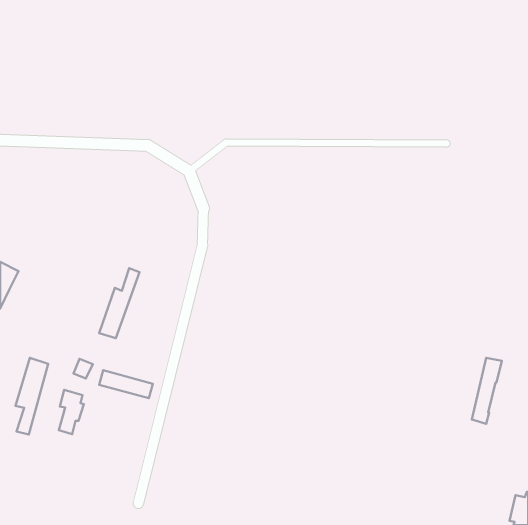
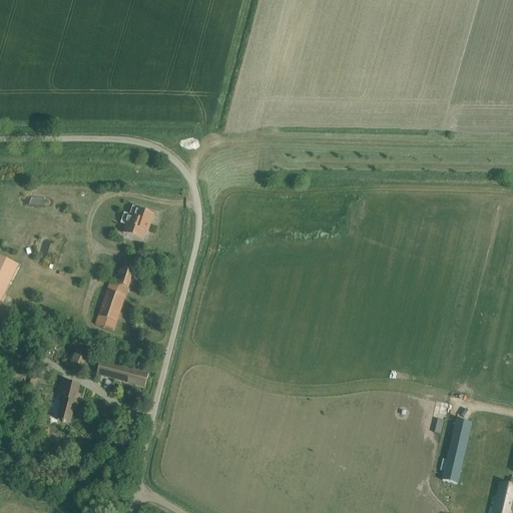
building: none -> [120,205,153,238]
building: [472,358,502,424] -> [442,419,471,483]
building: [15,358,48,434] -> none

